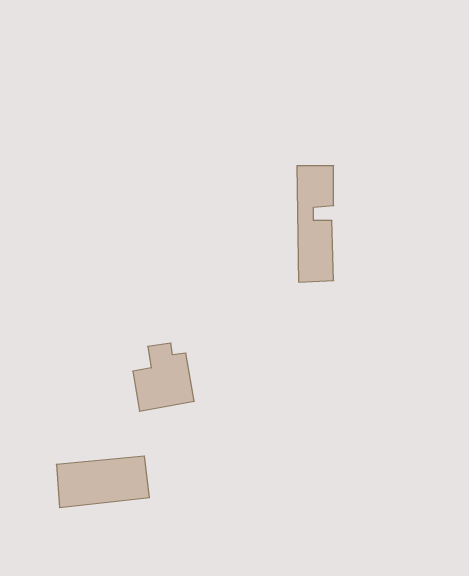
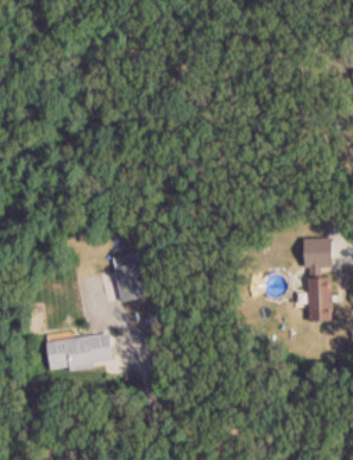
building: [297,166,334,282] -> [305,238,332,321]

